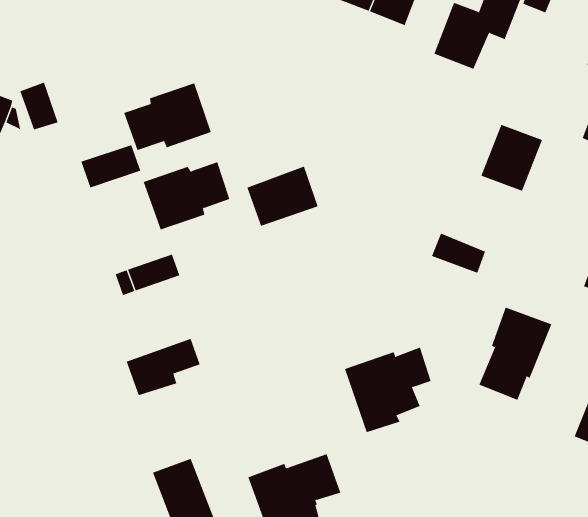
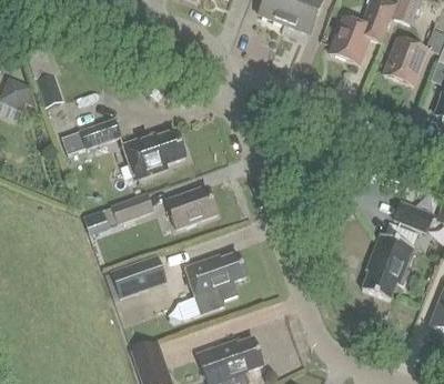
building: [124,82,211,151] -> none
building: [480,124,543,191] -> [382,37,426,84]
building: [247,166,318,227] -> [165,184,216,228]
building: [431,233,486,273] -> [393,201,432,230]
building: [344,347,432,433] -> [183,251,245,312]

